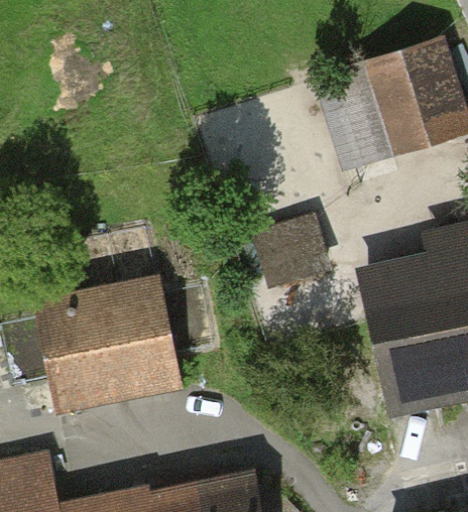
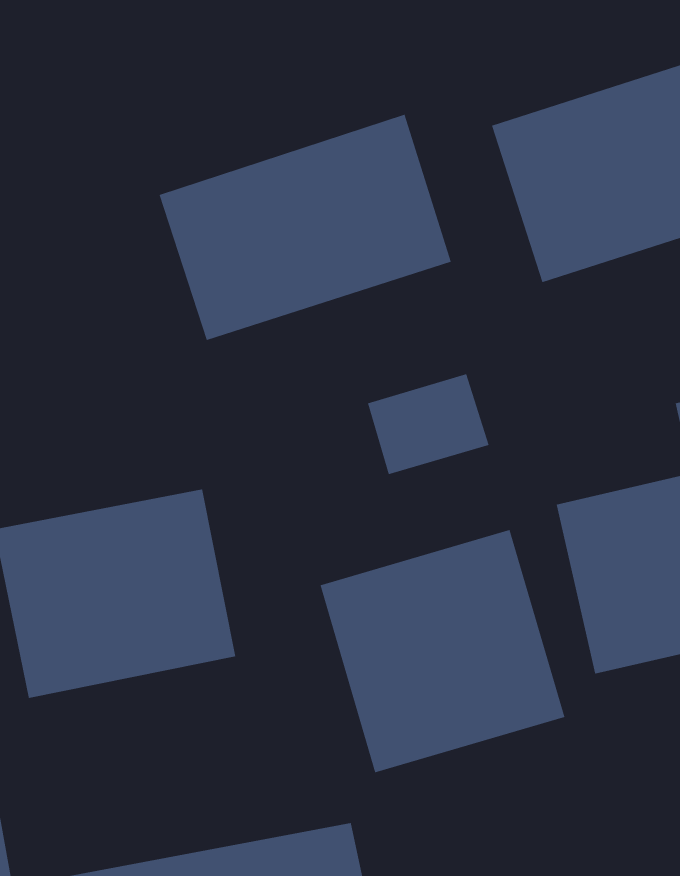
building: none -> [159,114,451,341]
building: none -> [320,529,565,773]

